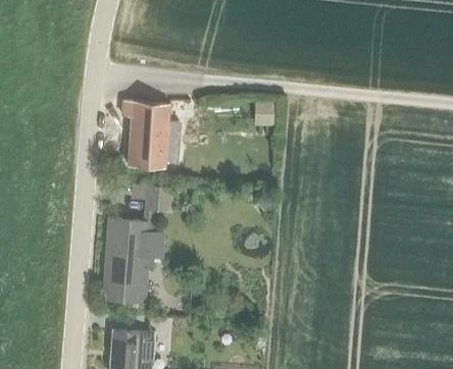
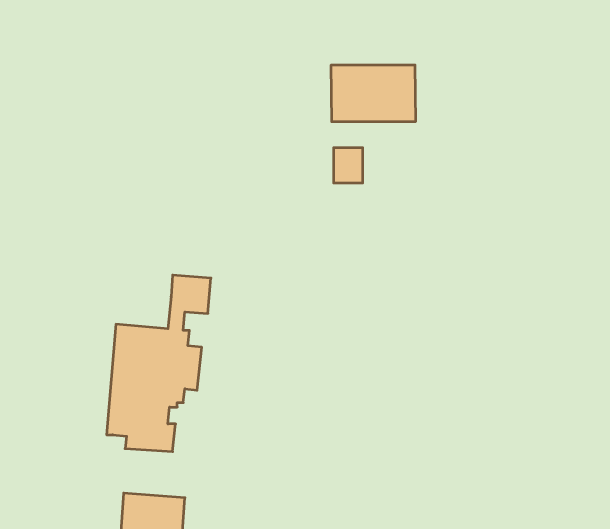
building: none -> [331,65,415,122]
building: [120,101,179,169] -> none

